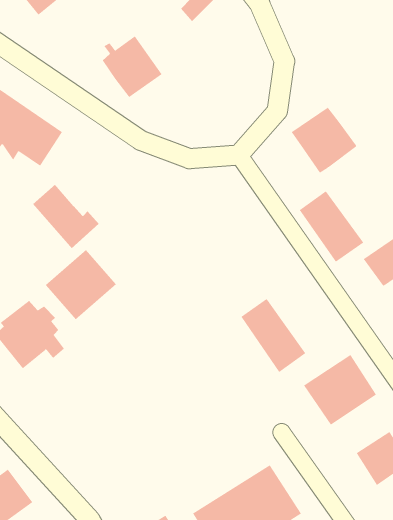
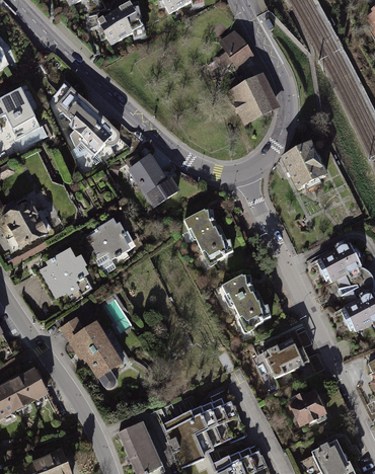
building: [102,36,162,98] -> [228,75,271,120]
building: [32,184,99,249] -> [130,153,176,203]
building: [299,190,364,262] -> [185,209,229,262]
building: none -> [59,315,123,378]

